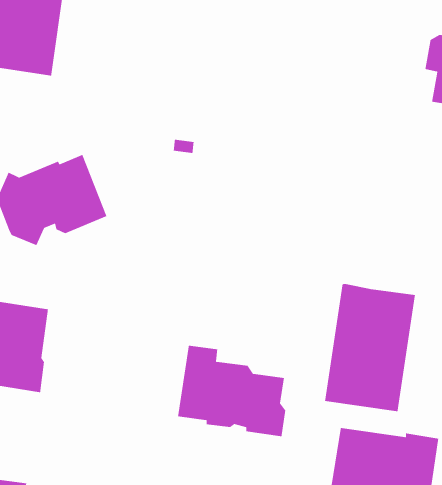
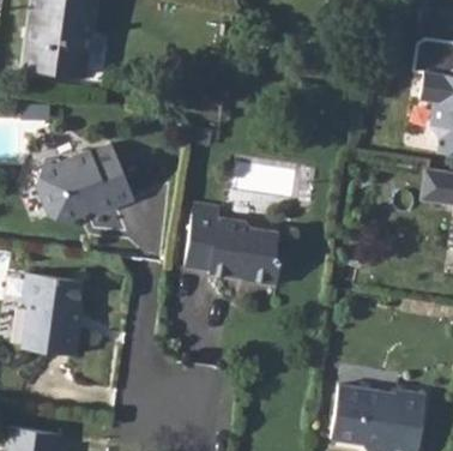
building: [324,283,416,412] -> none
building: [177,345,286,437] -> [183,203,279,284]

